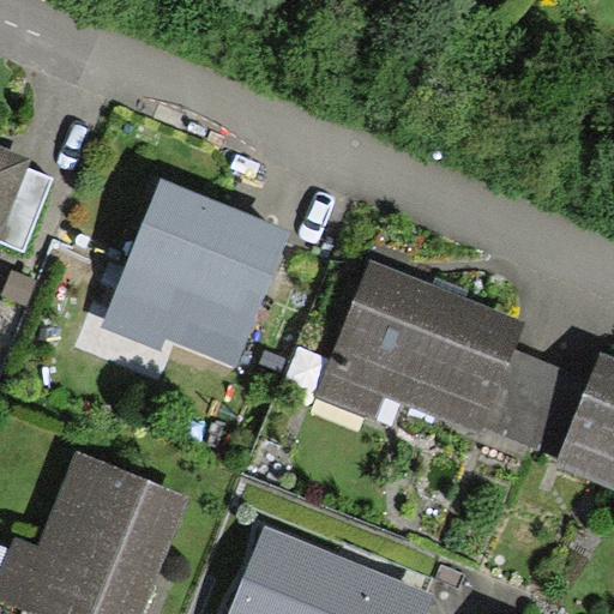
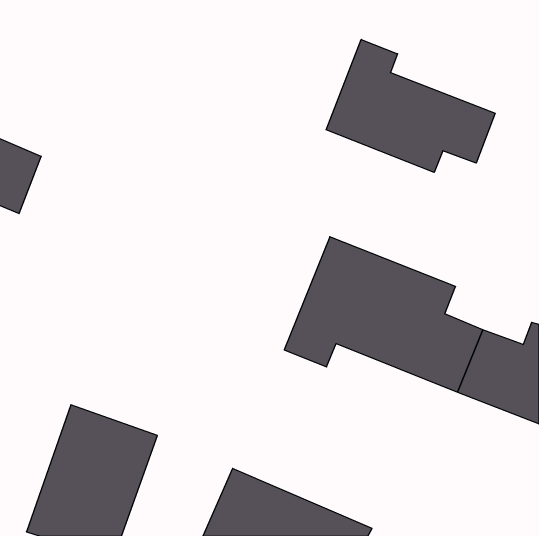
building: none -> [326,39,495,172]
building: [110,188,283,355] -> none

